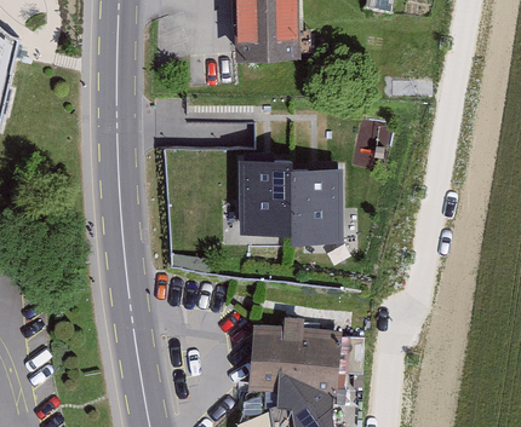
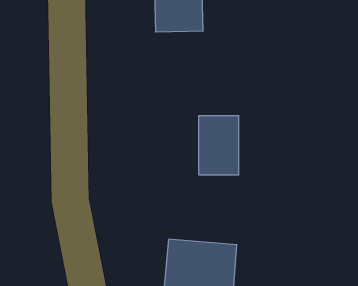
building: [237,157,291,232] -> none

